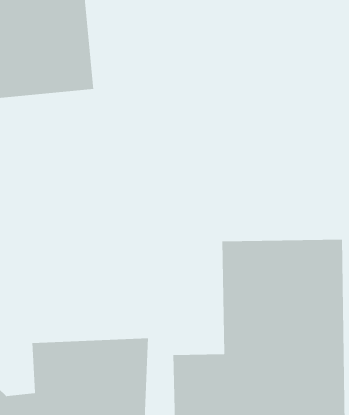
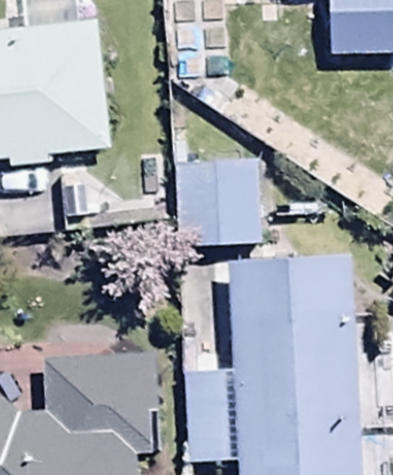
building: none -> [177,140,253,225]

